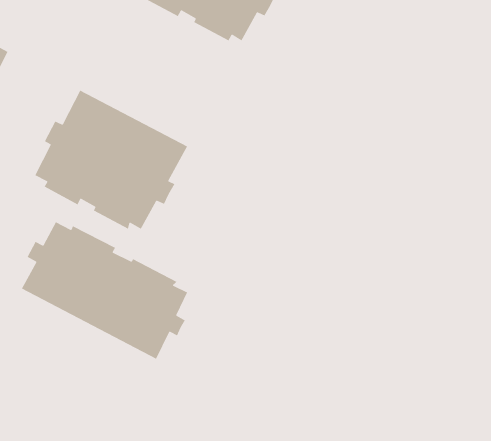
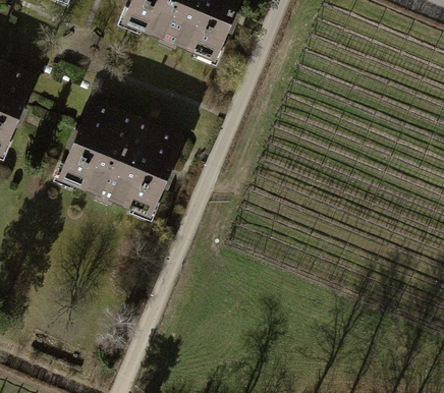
building: [21,221,188,360] -> none

